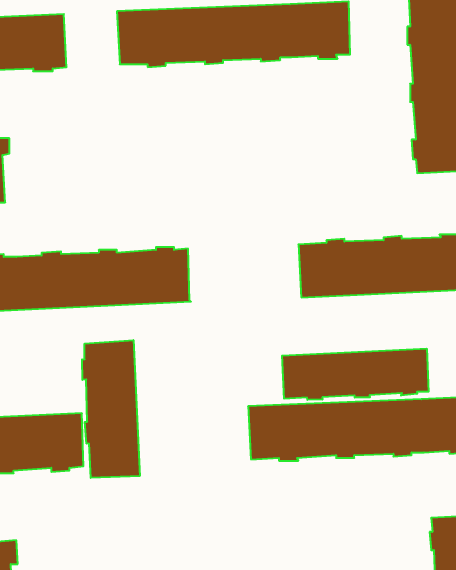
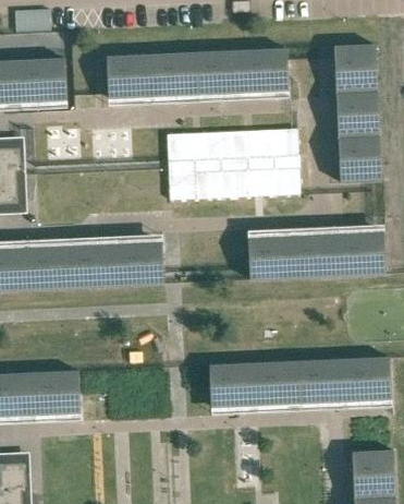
building: none -> [167,129,301,202]
building: [82,340,140,478] -> none
building: [282,349,429,400] -> none

